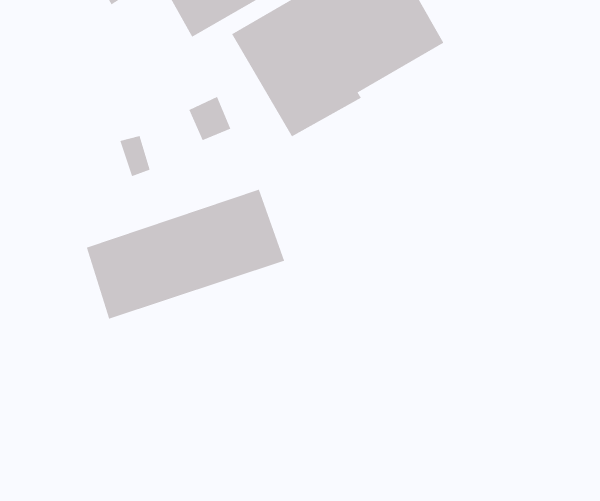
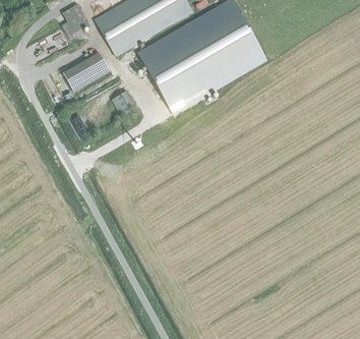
building: none -> [61,51,110,91]
building: [86,189,285,320] -> none

